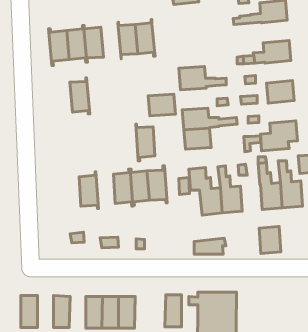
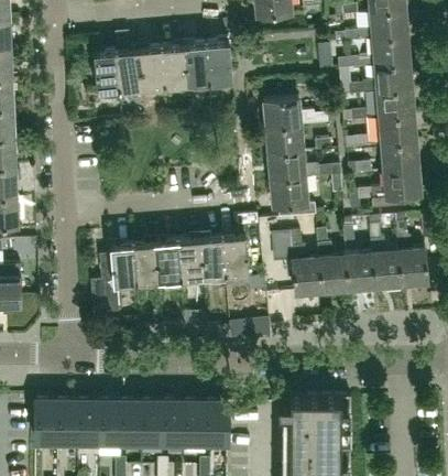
building: none -> [339,37,409,69]
building: none -> [378,90,414,120]
building: [70,78,90,114] -> [162,41,188,88]
building: [148,94,176,116] -> [266,127,303,155]
building: none -> [382,143,418,173]
building: [136,124,155,161] -> [155,237,181,285]
building: none -> [90,240,135,313]
building: [259,227,281,253] -> [346,253,374,289]
building: [194,238,226,254] -> [229,317,271,338]
building: [165,295,182,327] -> [206,401,228,443]
building: none -> [35,400,56,442]
building: none -> [78,400,99,442]
building: none -> [120,401,142,443]

